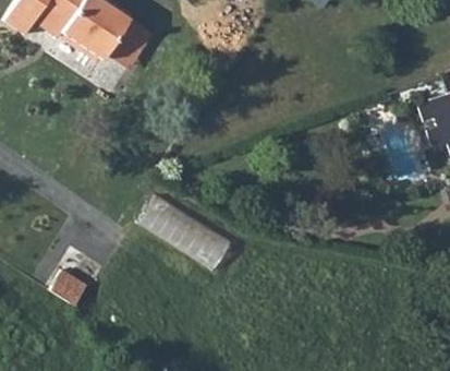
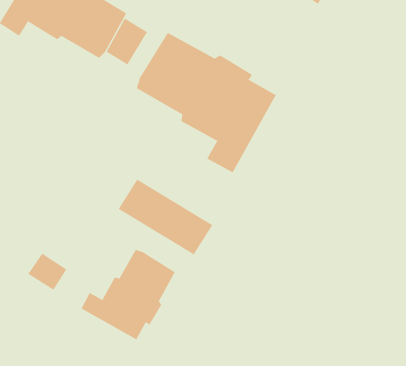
building: none -> [136,32,276,173]
building: none -> [81,249,175,340]

